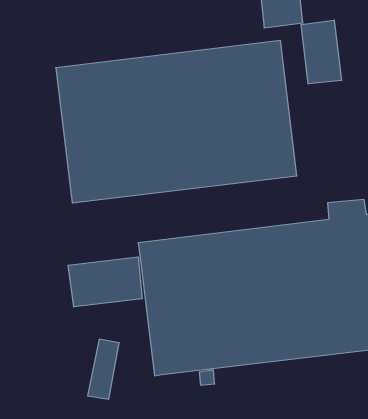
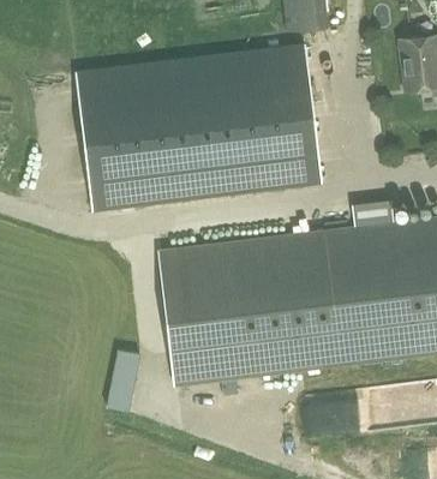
building: [301,20,341,84] -> none
building: [68,257,142,307] -> none

